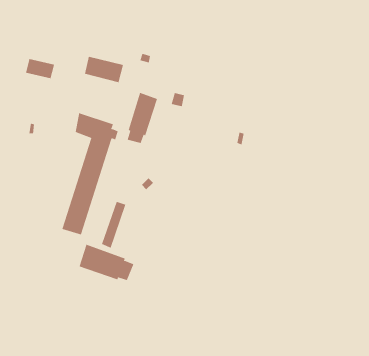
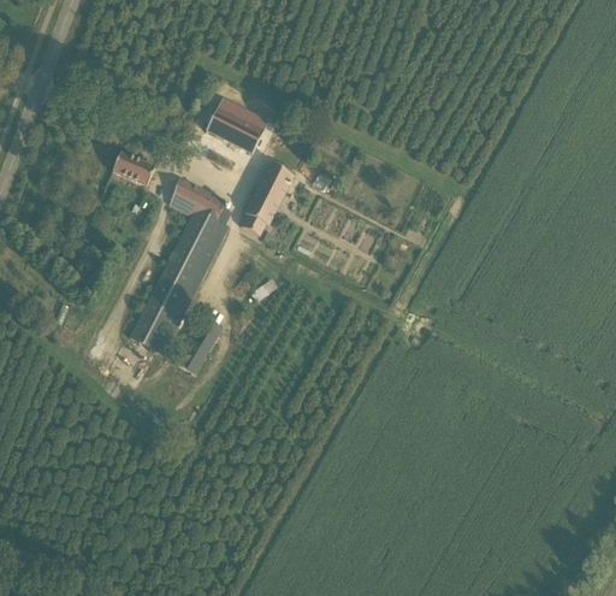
building: [25,58,55,79] -> [114,153,158,187]
building: [79,244,134,281] -> none

